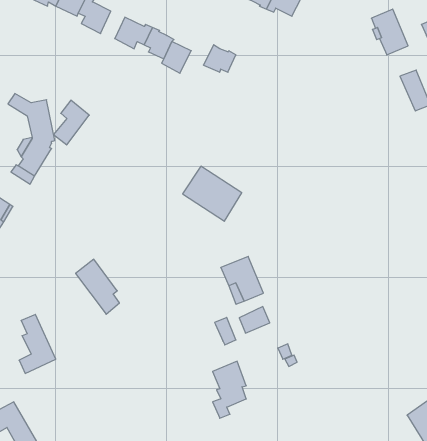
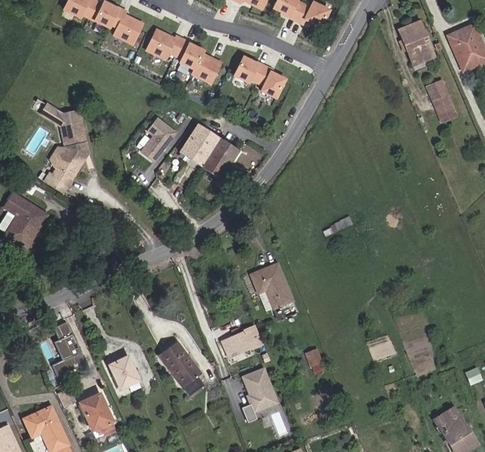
building: none -> [257,65,285,97]
building: [54,100,89,145] -> [140,117,175,161]
building: [183,166,242,221] -> [179,124,237,178]
building: [76,259,119,314] -> [159,341,202,395]
building: [239,307,270,333] -> [222,330,252,356]
building: none -> [108,355,138,388]
building: none -> [77,392,113,429]

